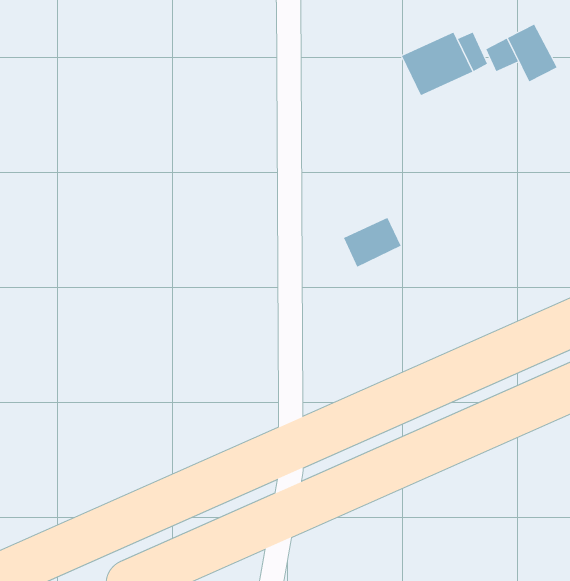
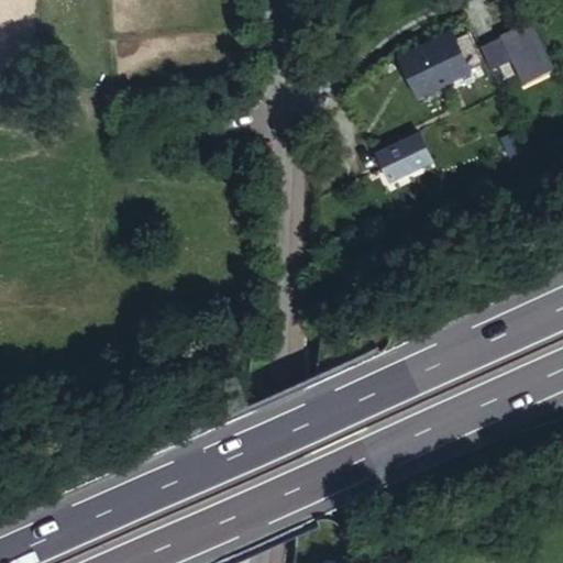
building: [343,217,401,268] -> [376,135,432,184]

